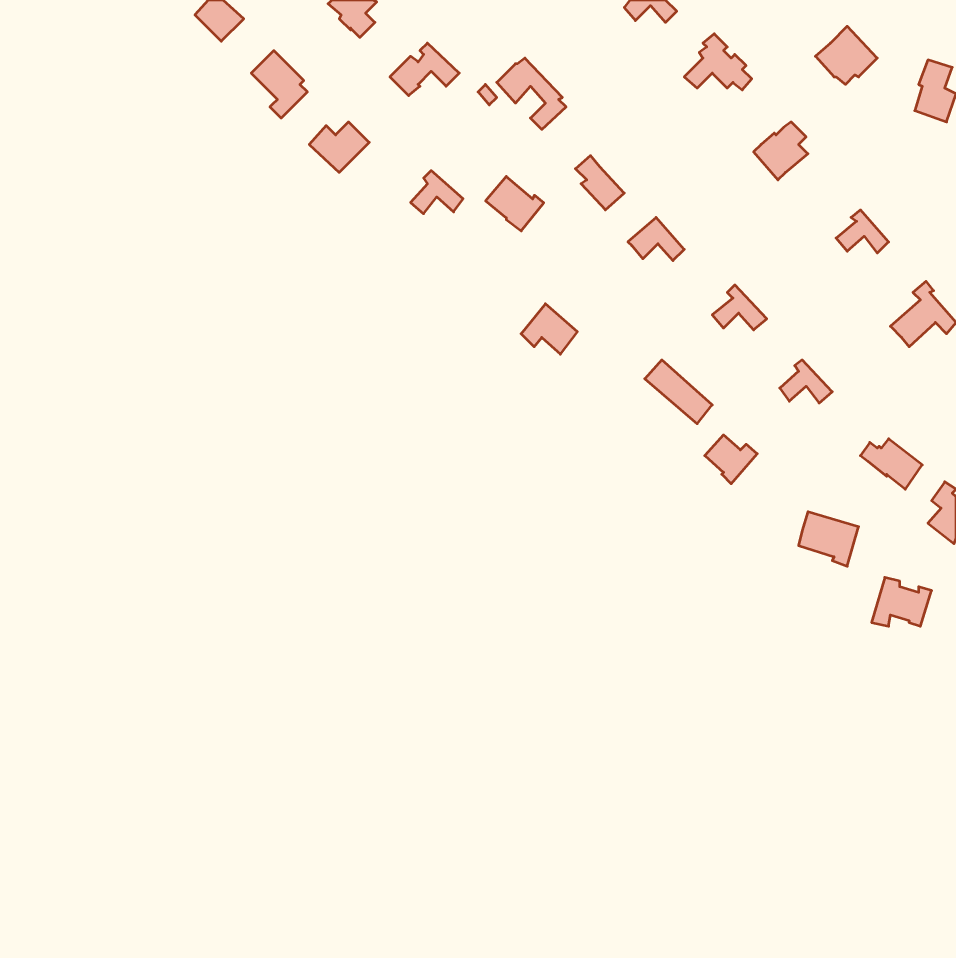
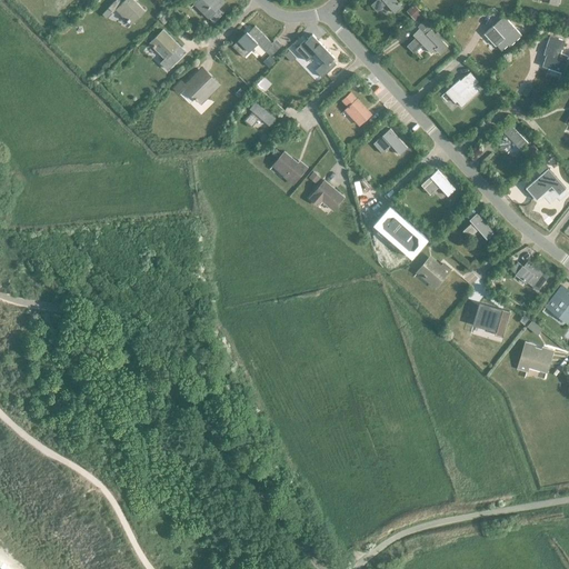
building: [486,176,544,231] -> [271,151,306,183]

